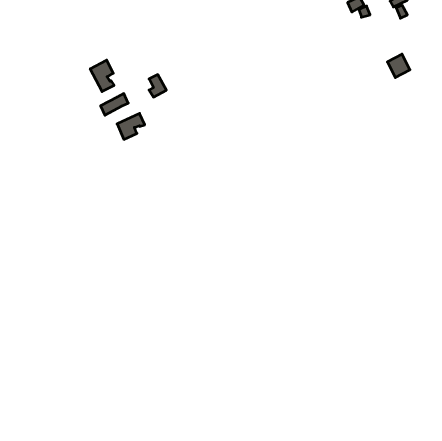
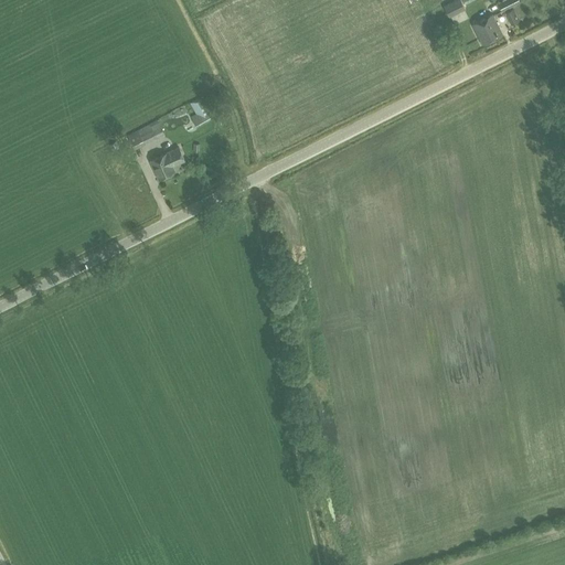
building: [387,54,410,78] -> [472,12,501,42]
building: [90,60,114,92] -> none

